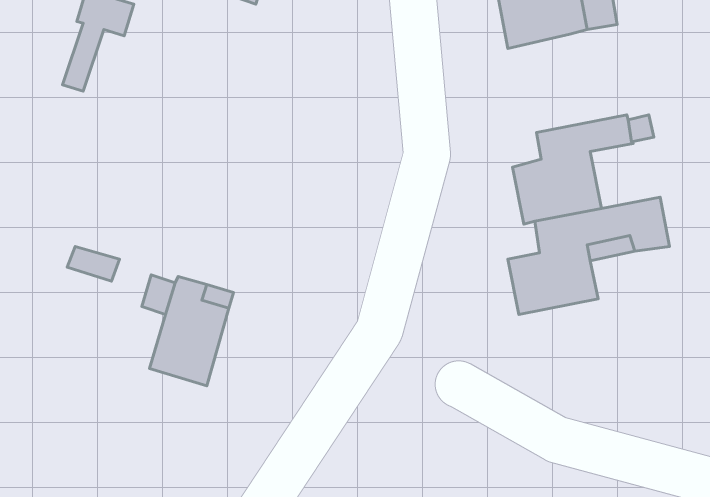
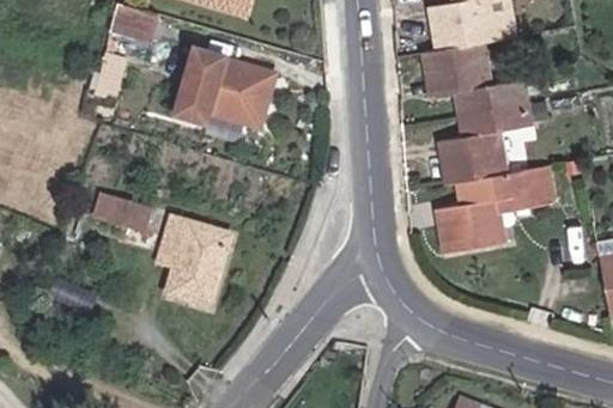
building: none -> [423,41,526,115]
building: none -> [172,51,272,128]

